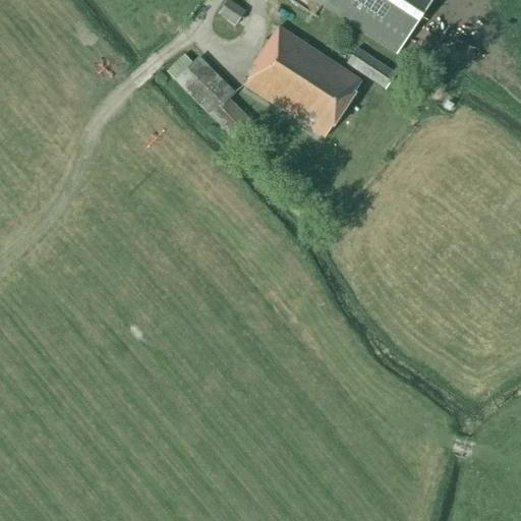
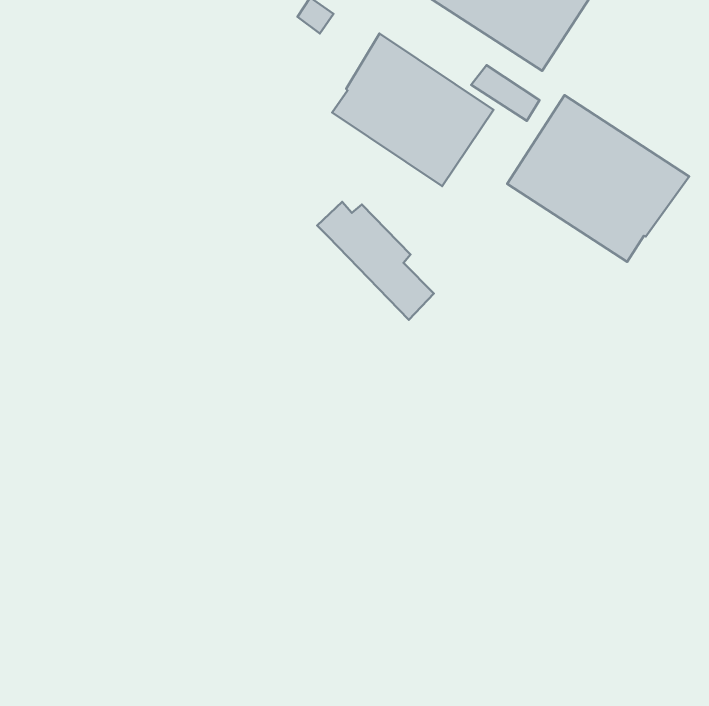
building: [167,53,252,139] -> [317,202,434,320]
building: none -> [507,95,689,262]

